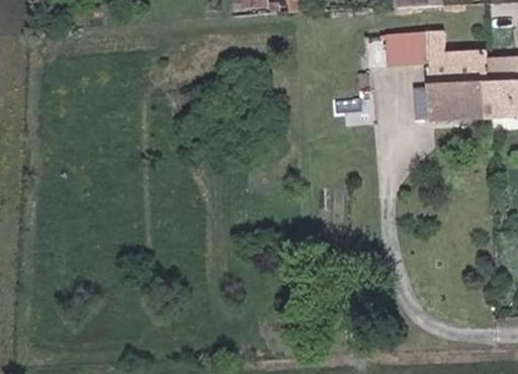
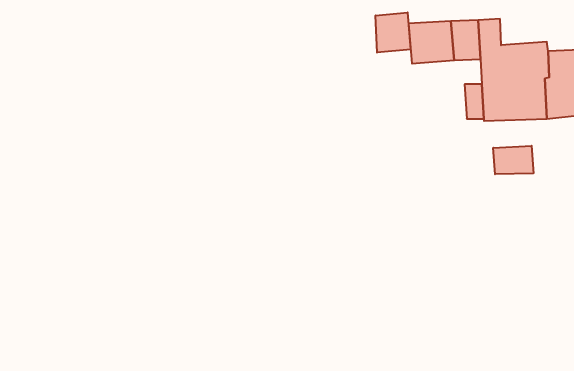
building: none -> [376,12,411,53]
building: none -> [493,146,533,174]

